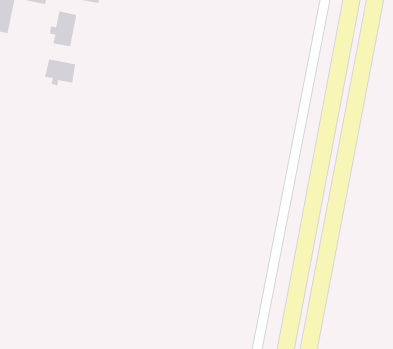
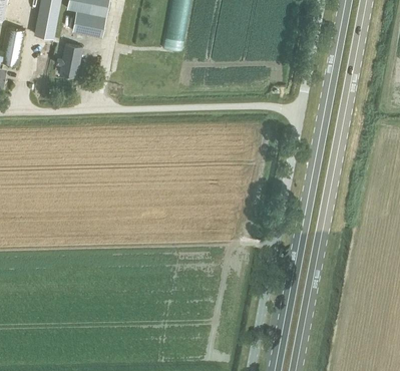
building: [44,58,76,86] -> none

